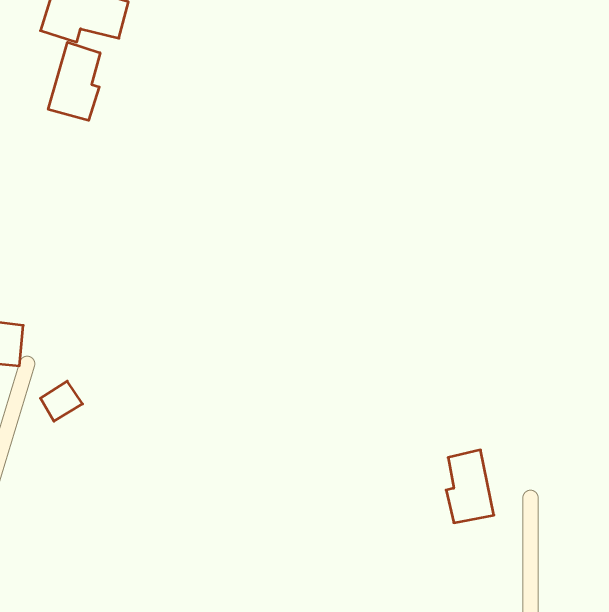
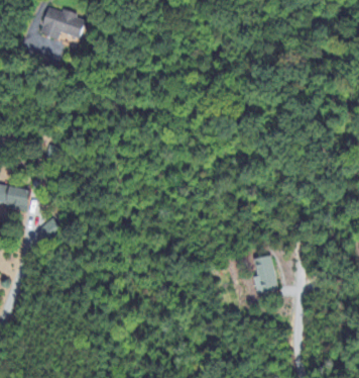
building: [48,42,100,120] -> none

